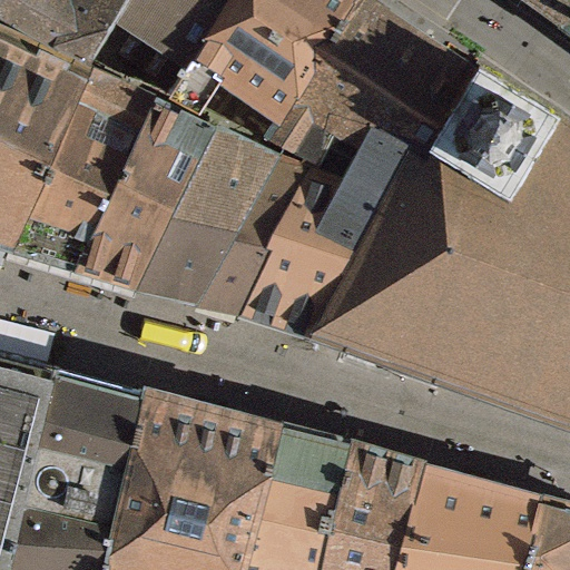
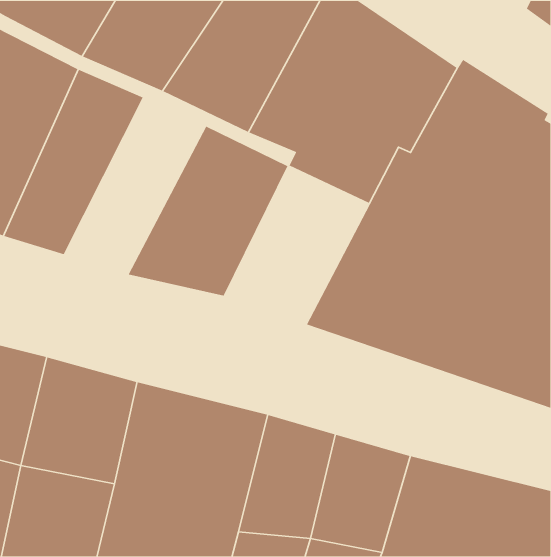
building: [66,99,210,281] -> none
building: [229,169,377,332] -> none

